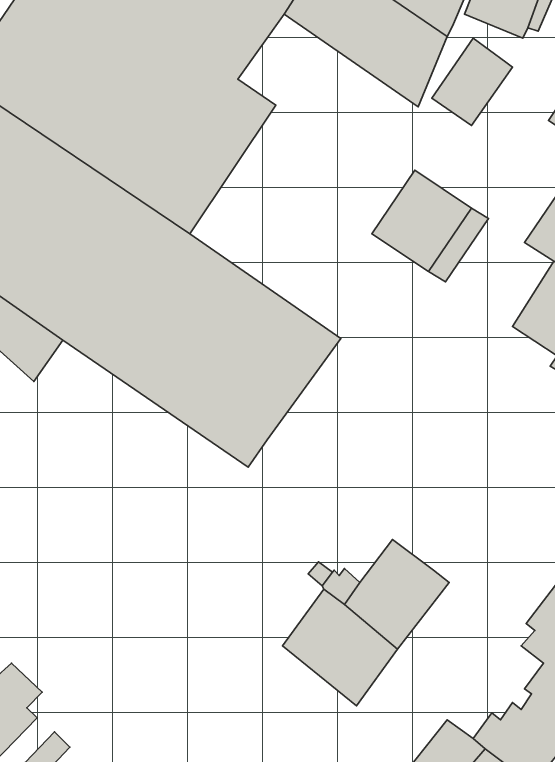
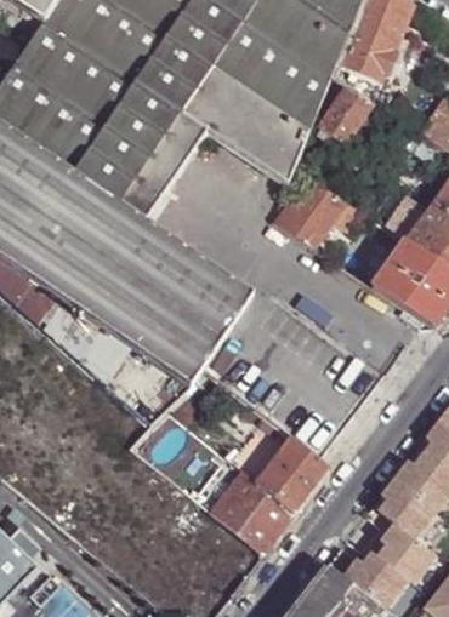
building: none -> [178,65,306,184]

